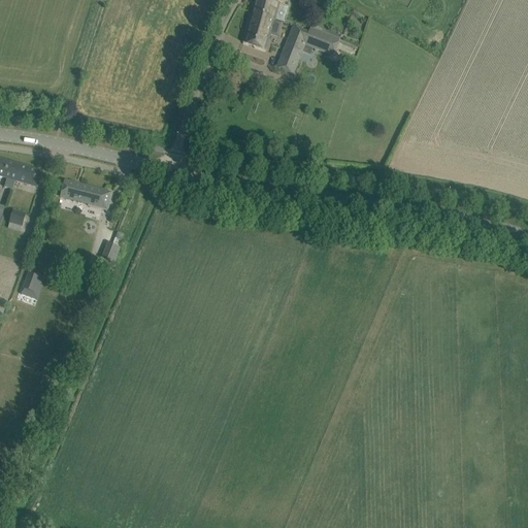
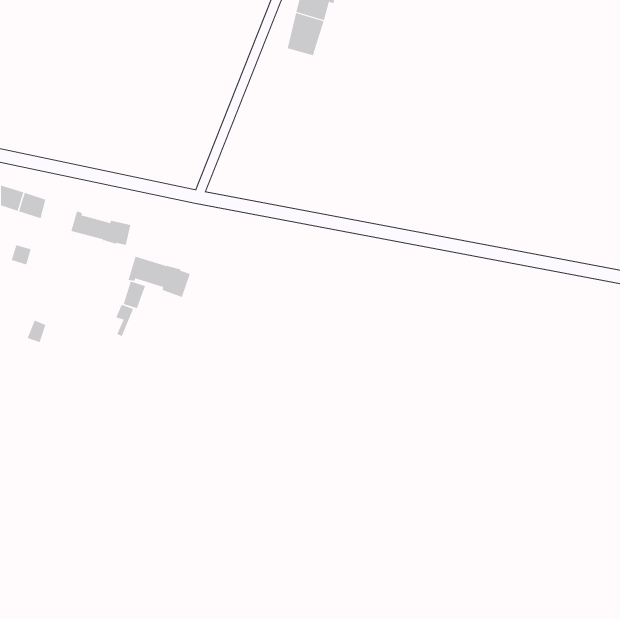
building: [276,25,340,73] -> none
building: none -> [128,256,190,298]

